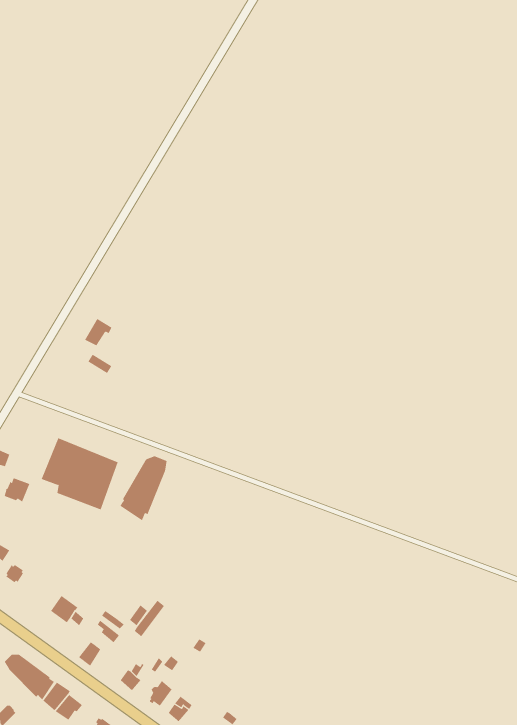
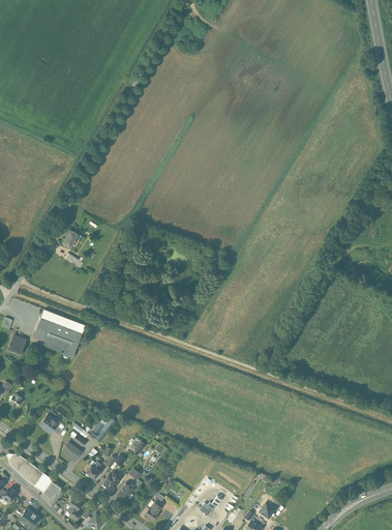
building: [119,455,167,521] -> none

